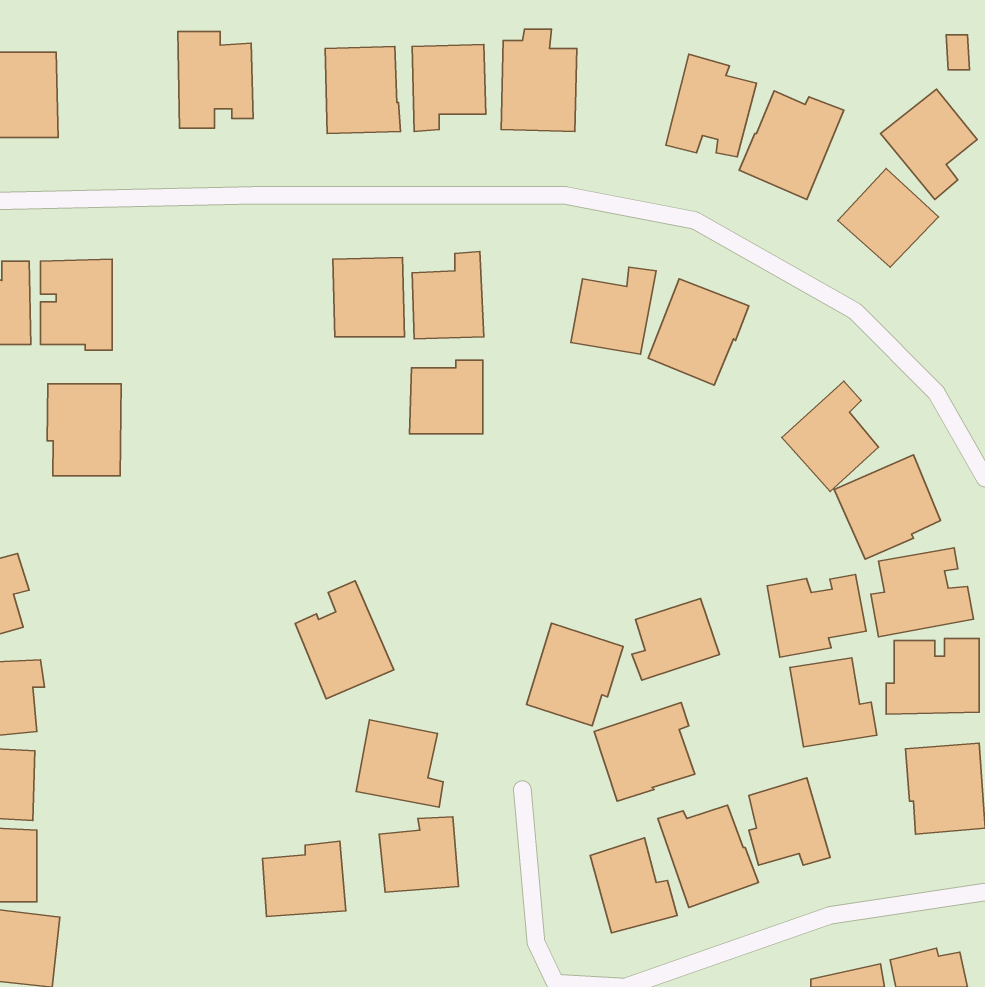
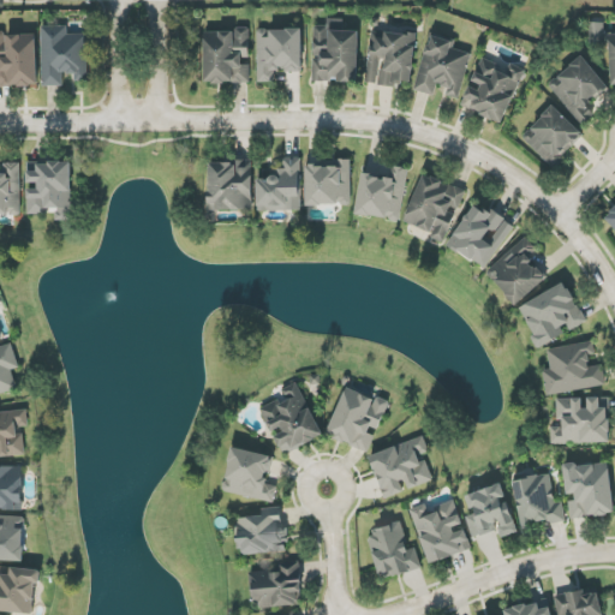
building: [178,32,253,128] -> [40,25,86,85]
building: none -> [365,31,414,85]
building: none -> [446,201,512,269]
building: [409,360,483,434] -> [304,159,350,204]
building: [47,384,121,476] -> none
building: [767,574,866,657] -> none
building: [295,581,394,699] -> [259,381,321,454]
building: [632,599,720,680] -> none
building: [790,658,877,747] -> [510,473,565,529]
building: [263,841,346,917] -> [250,561,301,608]

